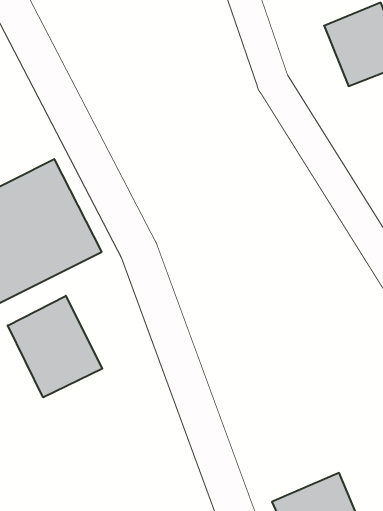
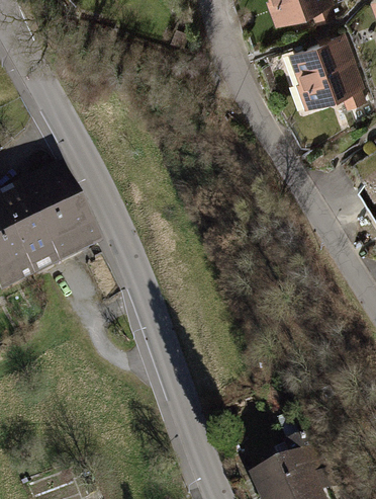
building: [8,296,102,397] -> none

